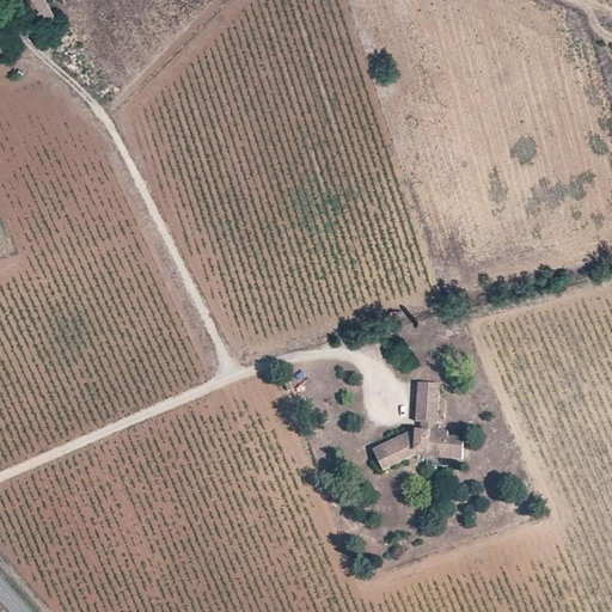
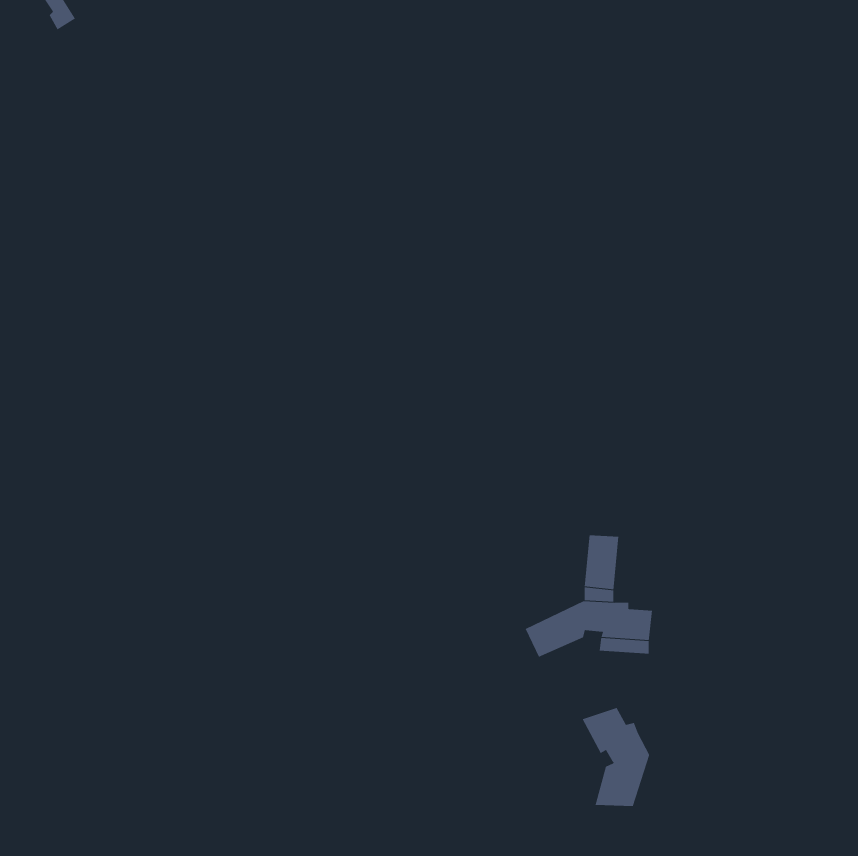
building: none -> [582,707,650,807]

